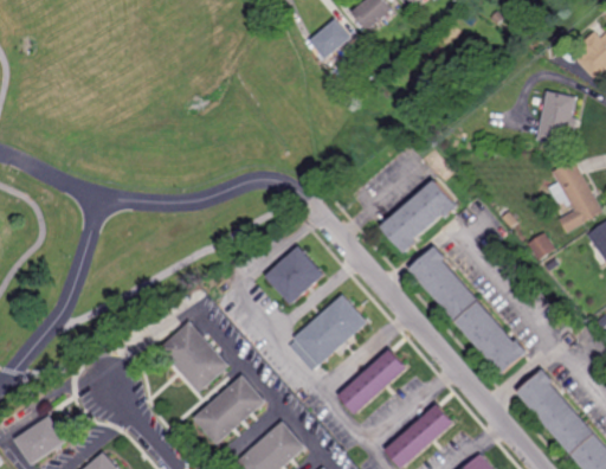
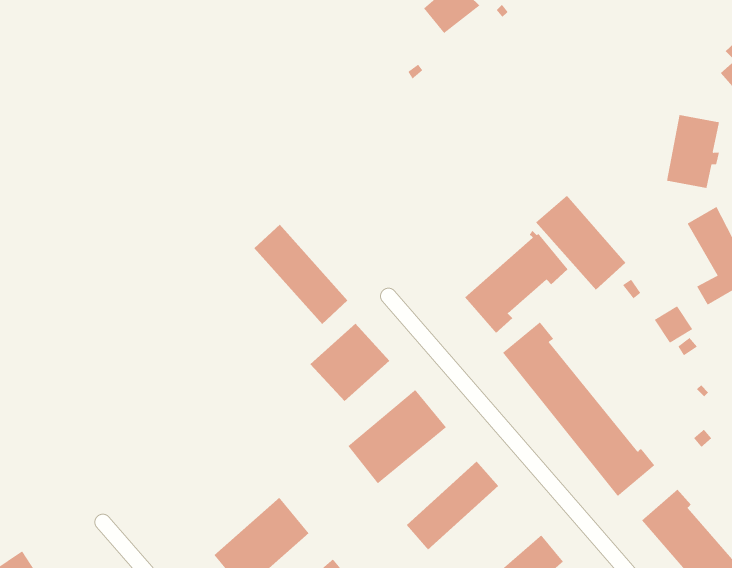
building: [310,14,353,56] -> none
building: none -> [535,195,626,291]
building: none -> [254,224,348,325]
building: [159,320,230,392] -> none

